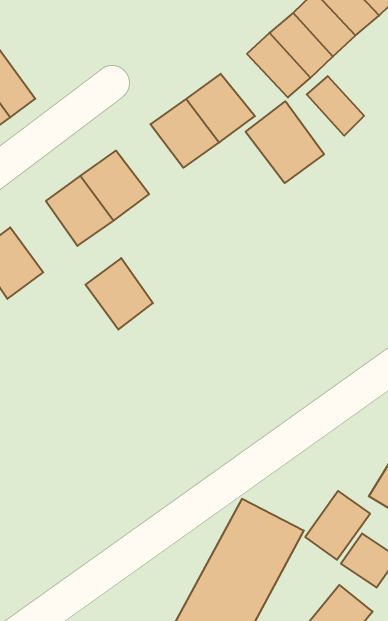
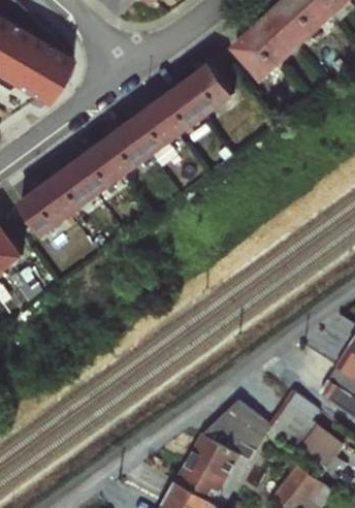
building: [307,76,364,136] -> none
building: [246,101,324,183] -> none
building: none -> [124,103,176,158]
building: [85,258,153,330] -> [41,163,94,219]

